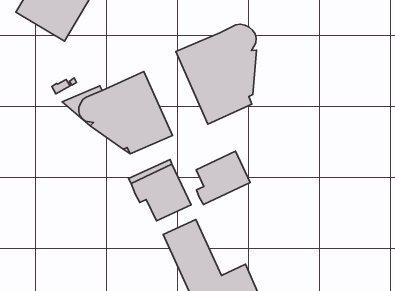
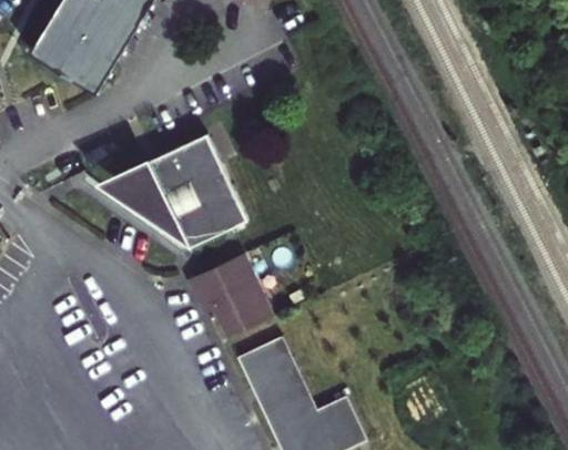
building: [176,24,256,124] -> none
building: [196,151,250,204] -> none

